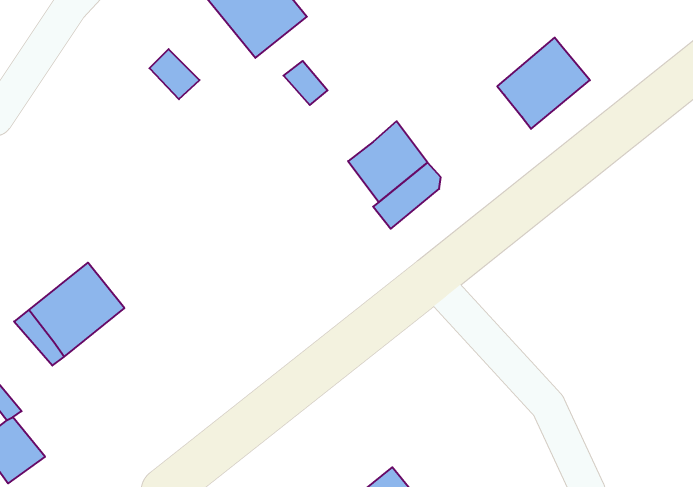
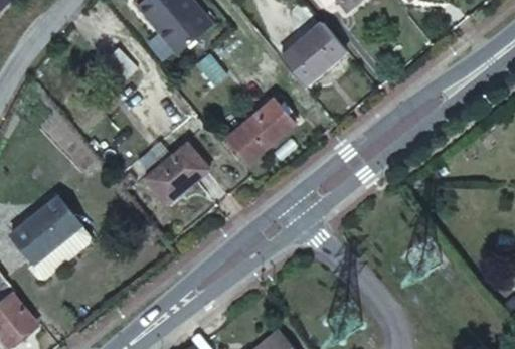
building: [497,38,590,129] -> [279,23,342,85]
building: none -> [143,145,206,205]

